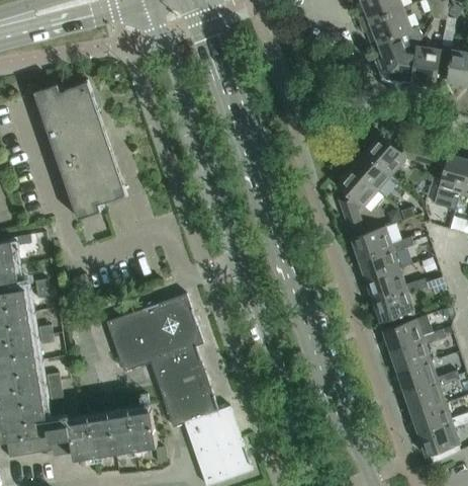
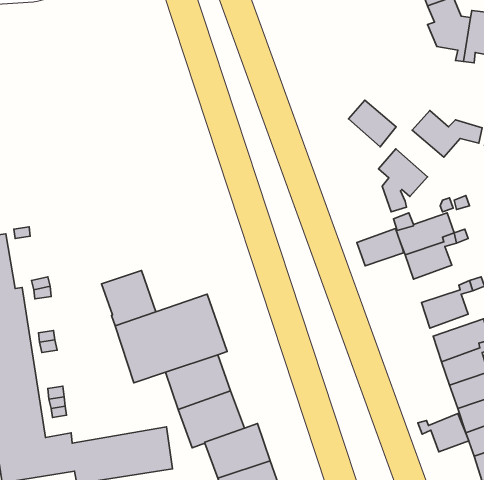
building: [34,80,127,220] -> none
building: [351,151,392,191] -> [349,100,396,147]
building: [366,268,406,301] -> [357,229,404,266]
building: none -> [101,270,156,326]
building: none -> [418,414,469,452]

